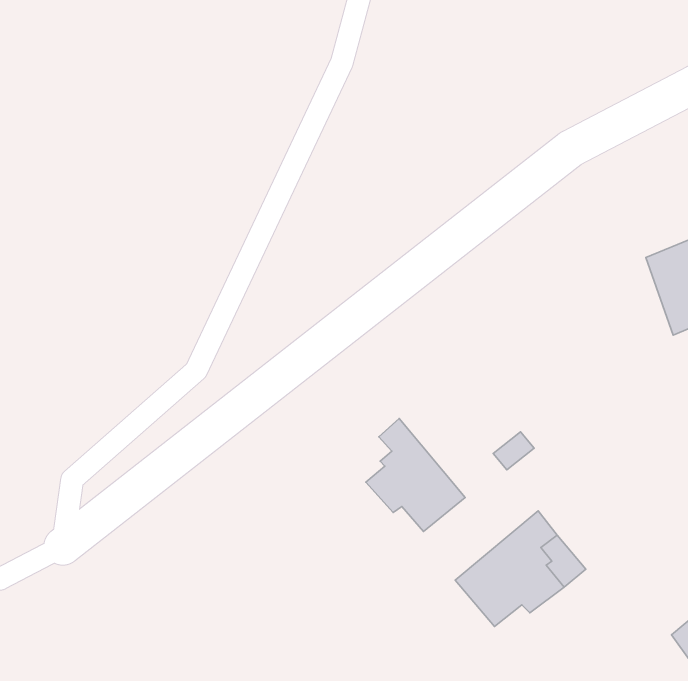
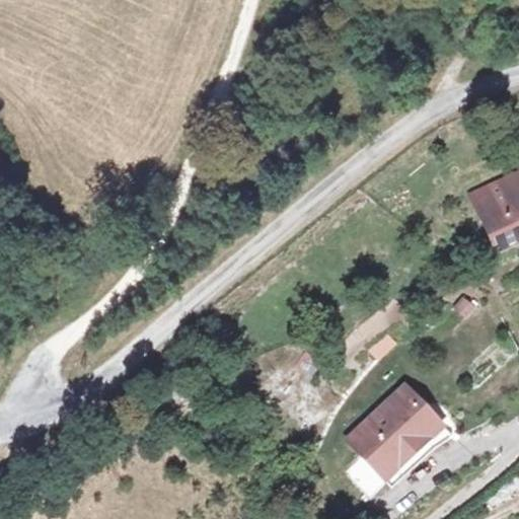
building: [366,418,465,532] -> none
building: none -> [374,437,434,483]

